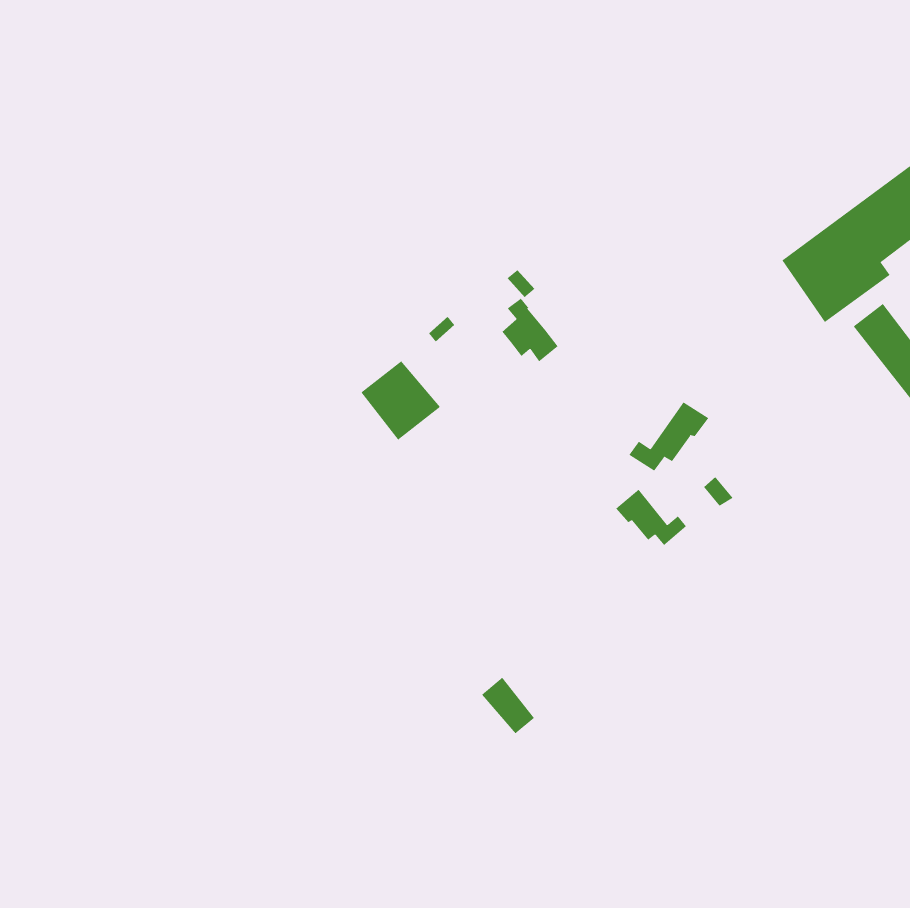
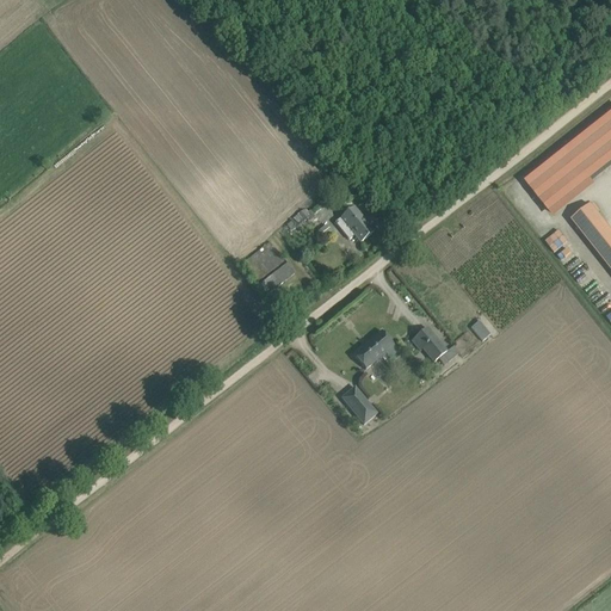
building: [628,401,709,472] -> none
building: none -> [354,329,395,368]
building: [481,677,535,734] -> [342,385,378,424]

